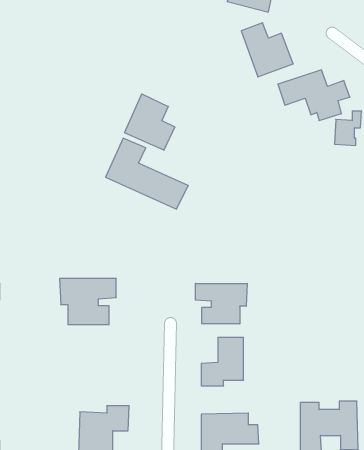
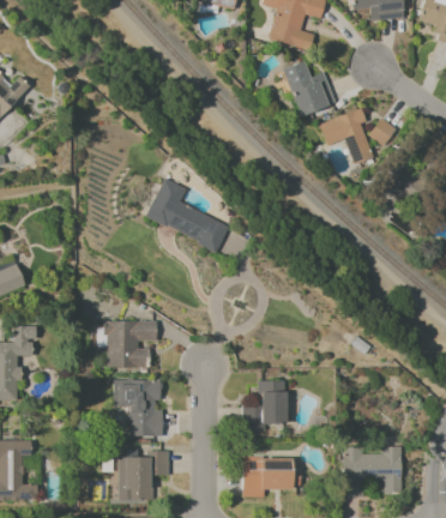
building: [124,94,175,150] -> none
building: [195,283,247,324] -> none
building: none -> [114,380,162,435]

